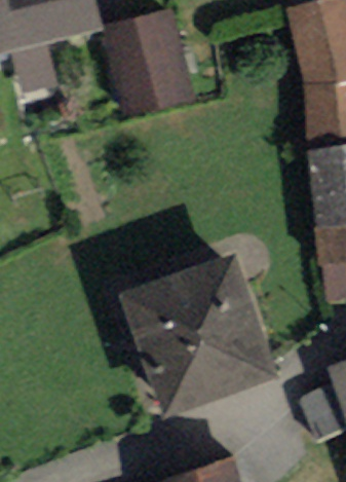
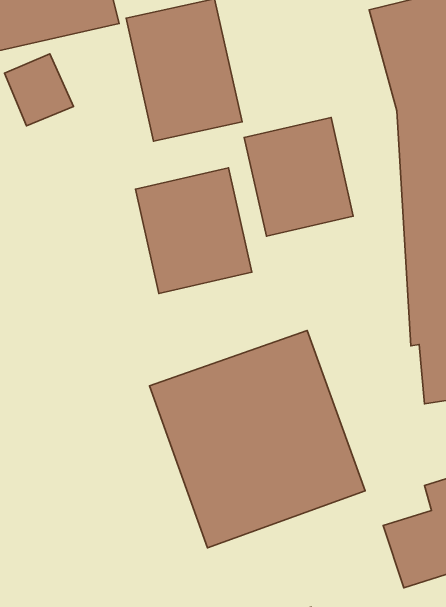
building: none -> [244,117,353,236]
building: none -> [135,168,252,293]

